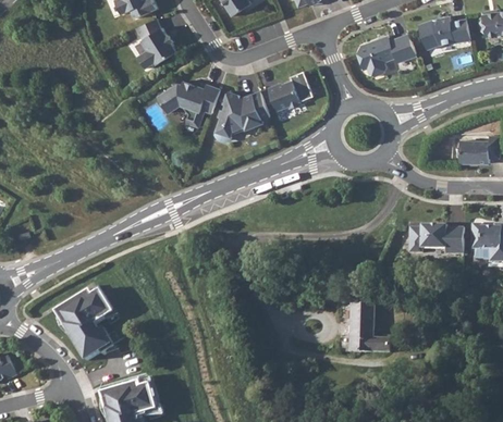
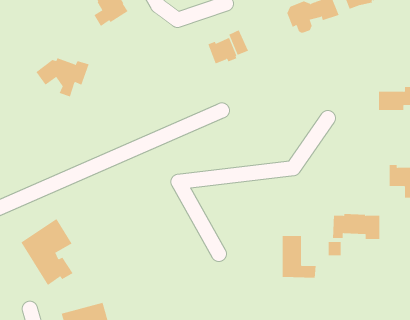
building: [158,80,219,125] -> [36,58,90,97]
building: [214,89,267,138] -> none
building: [407,224,462,253] -> [332,213,380,239]

